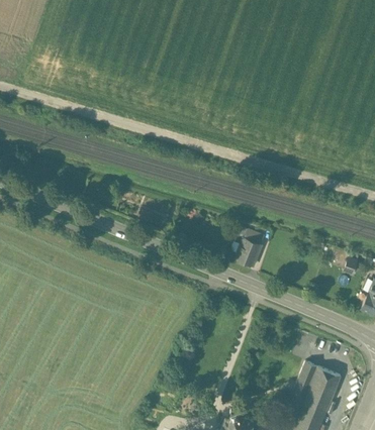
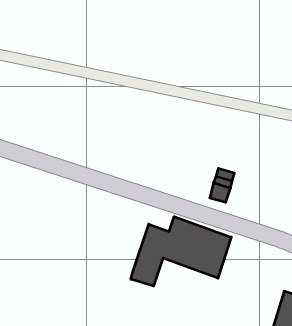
building: none -> [131,217,231,286]

